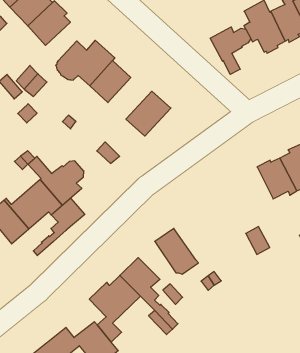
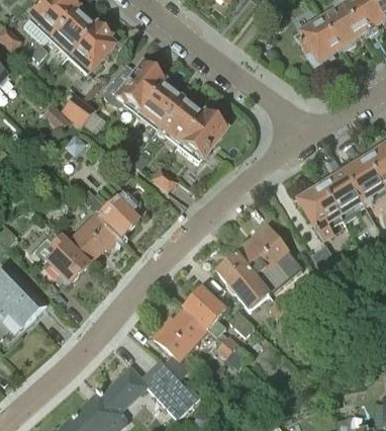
building: [210,27,251,74] -> none
building: none -> [159,99,204,144]
building: none -> [299,184,340,240]
building: [33,198,85,256] -> none
building: none -> [236,225,303,286]

